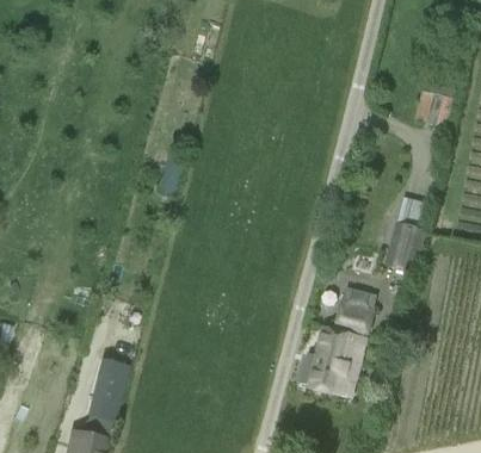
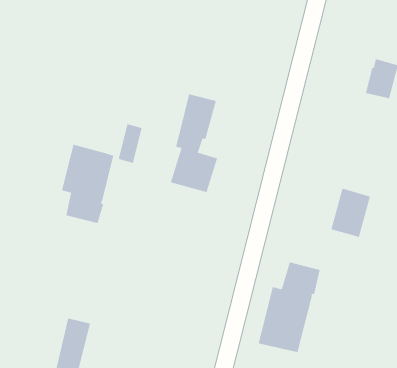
building: none -> [170,93,218,193]
building: none -> [61,144,114,224]

